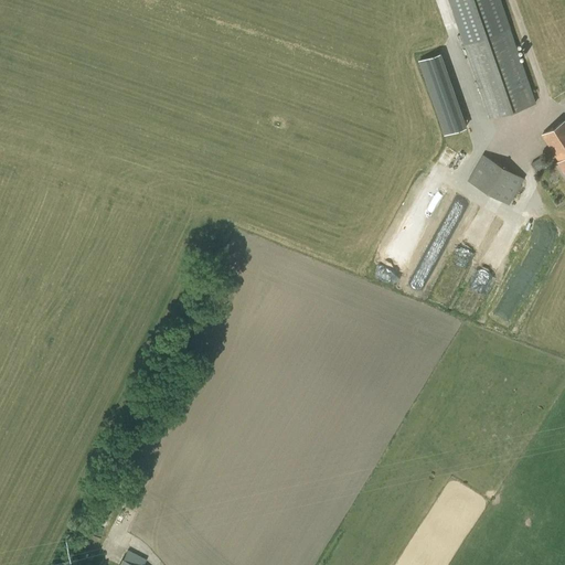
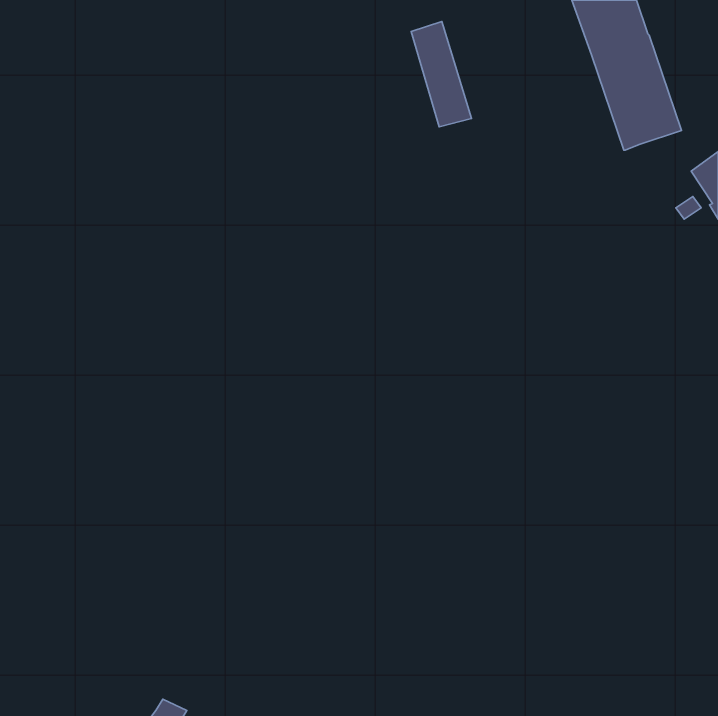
building: [422,52,469,135] -> [411,22,471,127]
building: [468,154,524,205] -> none

